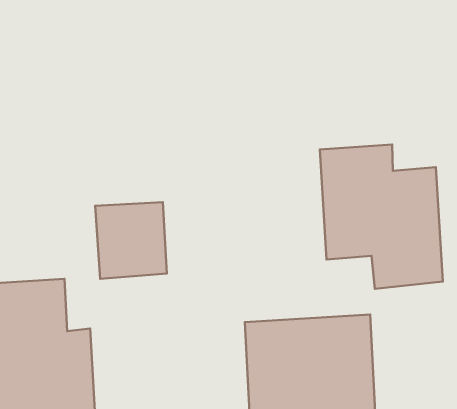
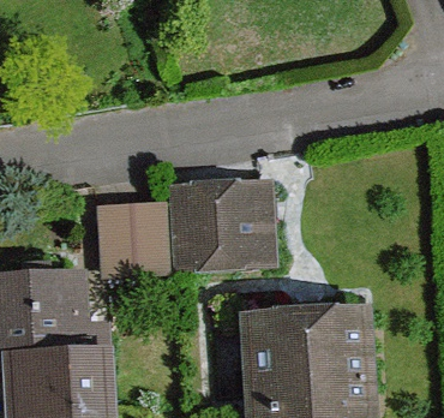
building: [320,145,443,289] -> none
building: none -> [172,179,253,262]

